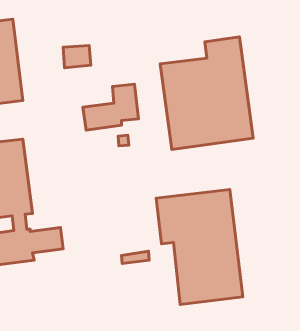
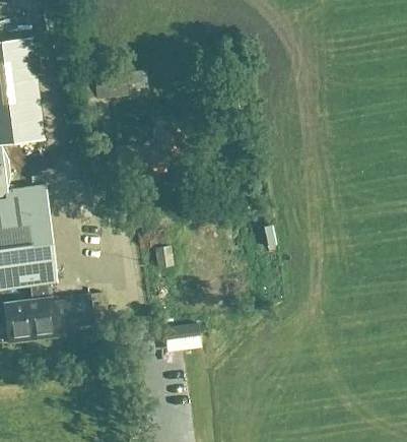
building: [160,37,253,150] -> none
building: [156,189,243,304] -> none

